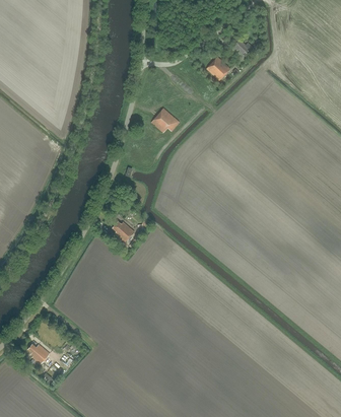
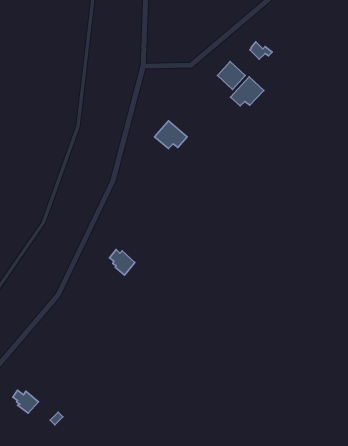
building: none -> [230,77,264,106]

